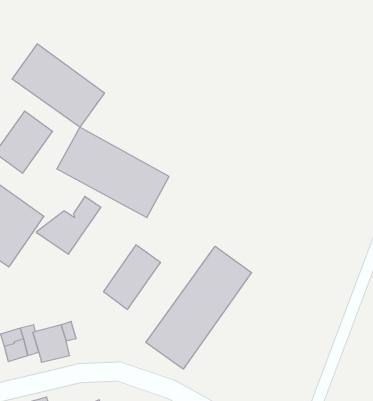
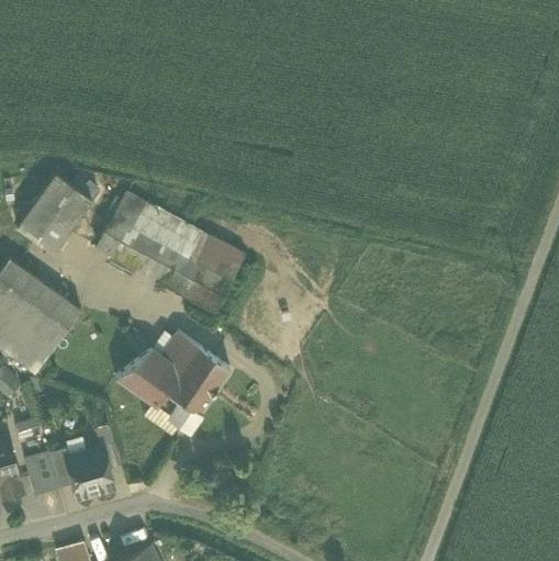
building: [12,44,105,127] -> none
building: [36,196,101,254] -> [115,329,199,404]
building: [146,246,252,369] -> none

